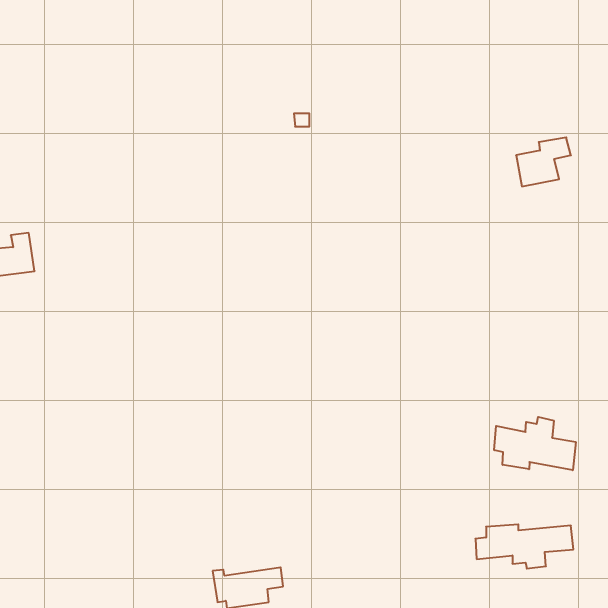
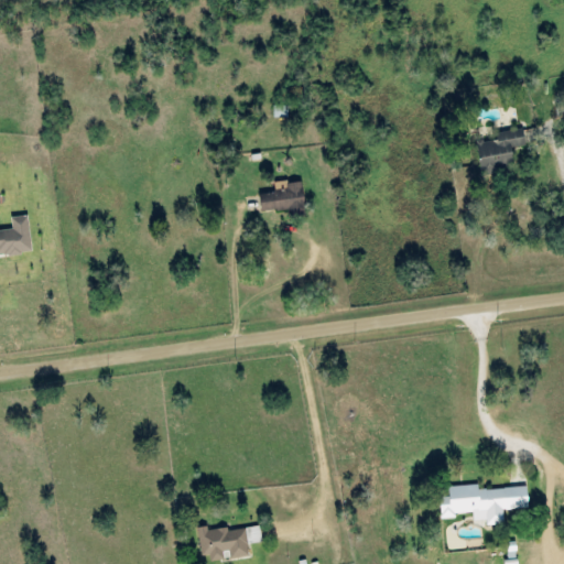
building: none -> [259,180,305,212]
building: [494,417,576,470] -> none

